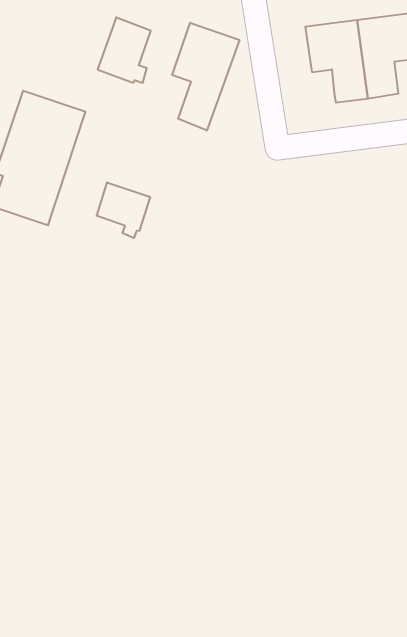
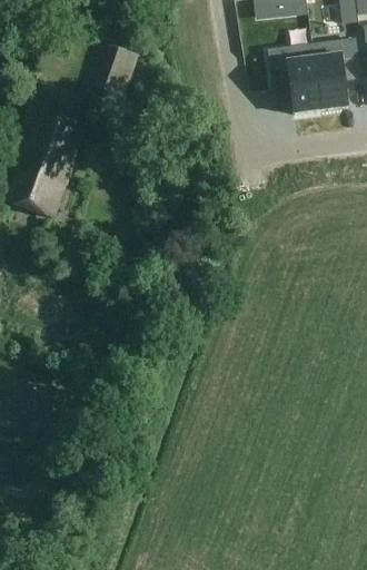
building: [172,23,239,131] -> none
building: [97,182,150,238] -> none

